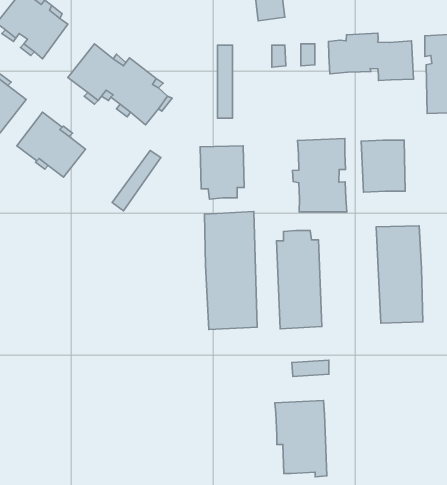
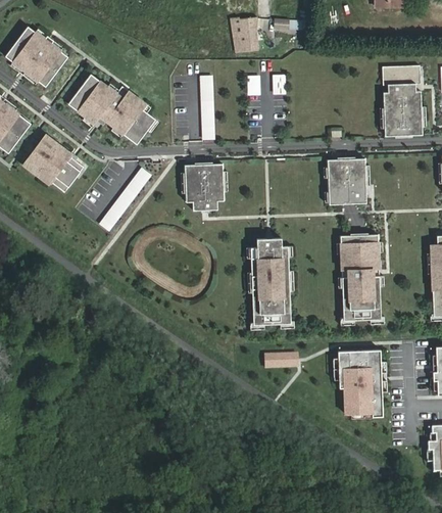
building: [329,33,414,80] -> none
building: [293,139,347,212] -> none
building: [204,212,257,329] -> none
building: [275,400,327,477] -> [337,348,383,416]

